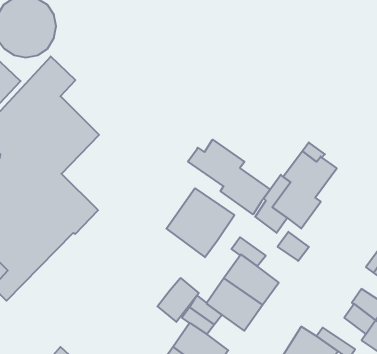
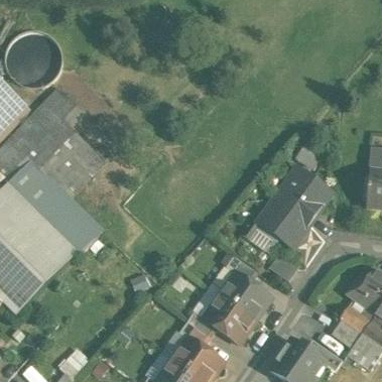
building: [188,140,270,214] -> none
building: [166,188,234,257] -> none
building: [157,278,199,322] -> none

